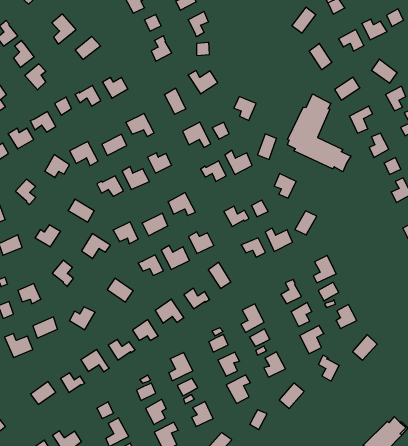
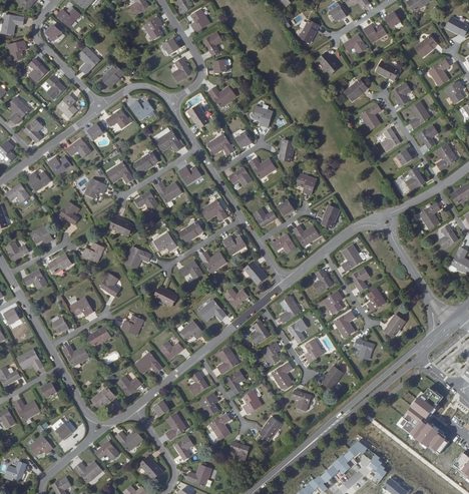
building: [287,94,351,172] -> none

